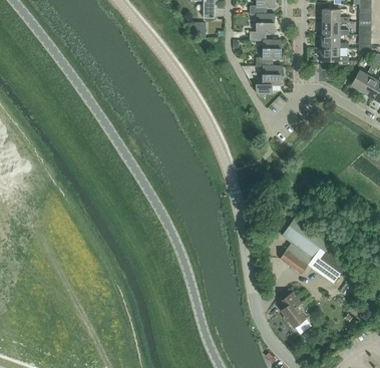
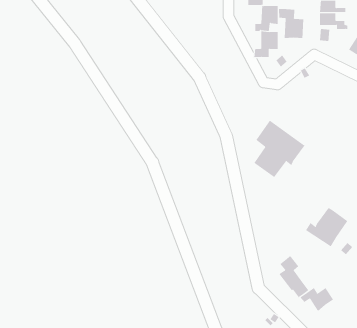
building: none -> [278,8,304,39]
building: [280,216,332,274] -> [253,120,305,178]
building: none -> [300,287,334,312]

